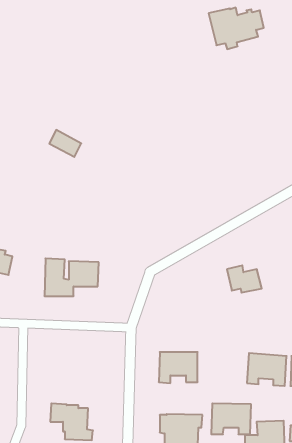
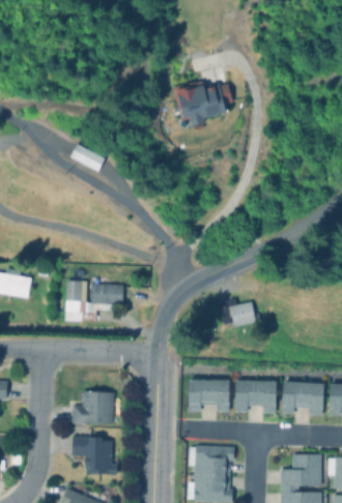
building: [209,8,264,49] -> [173,80,232,124]
building: [227,265,262,293] -> [219,298,256,327]
building: none -> [72,390,120,424]
building: [211,403,251,434] -> [234,380,277,413]

